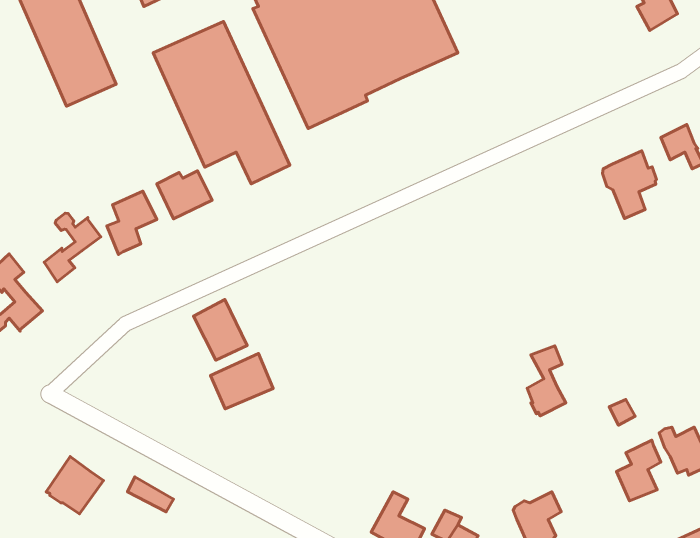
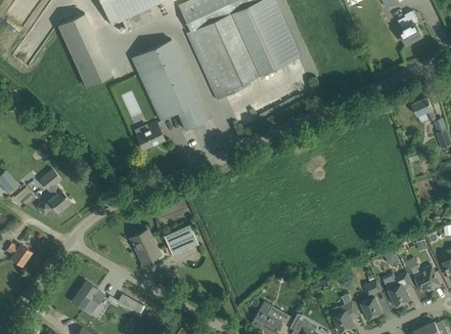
building: [602,151,656,219] -> none
building: [107,191,157,255] -> none
building: [44,213,101,282] -> none
building: [194,299,247,360] -> [130,229,160,263]
building: [527,346,566,416] -> [361,281,382,320]

